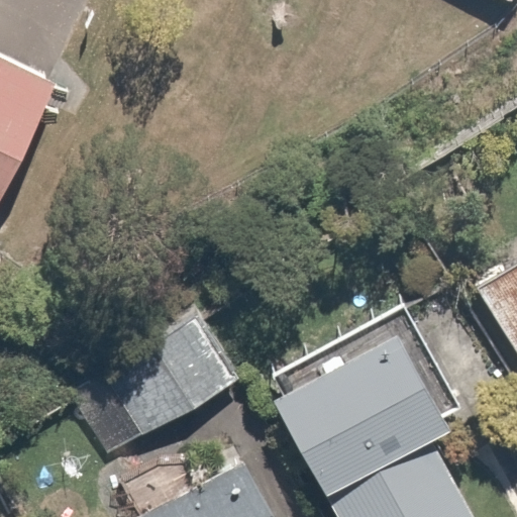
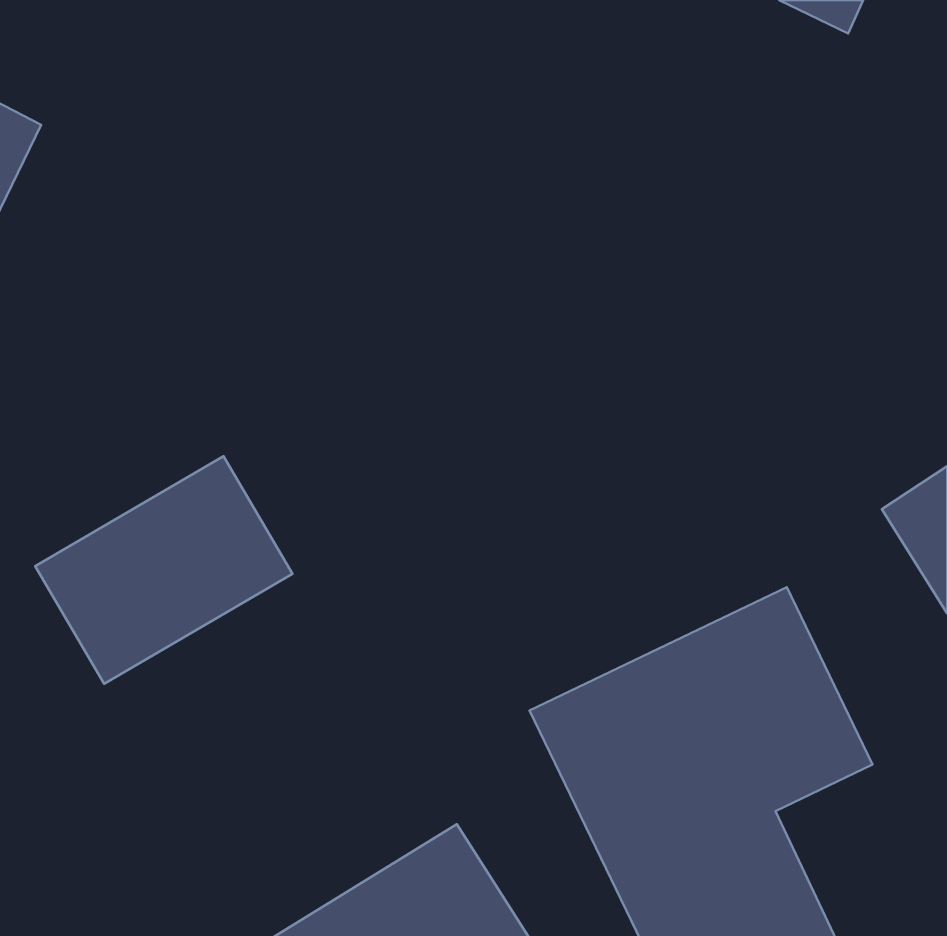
building: [57,341,196,464] -> [35,456,293,684]

